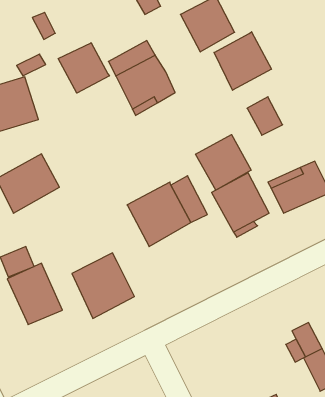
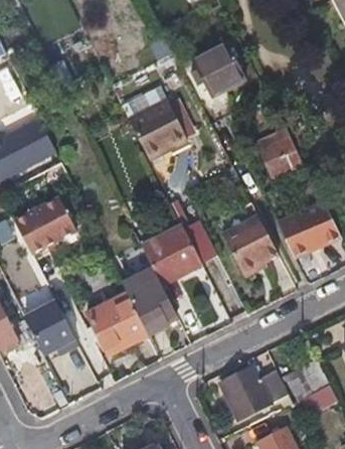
building: [214,32,271,90] -> none
building: [58,43,109,93] -> none
building: [196,135,251,190] -> none
building: none -> [132,289,168,333]
building: none -> [220,367,290,419]

